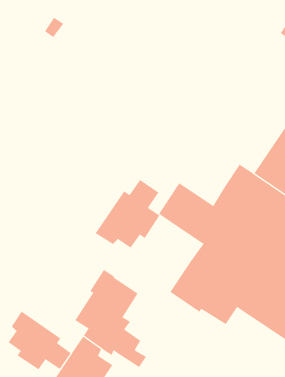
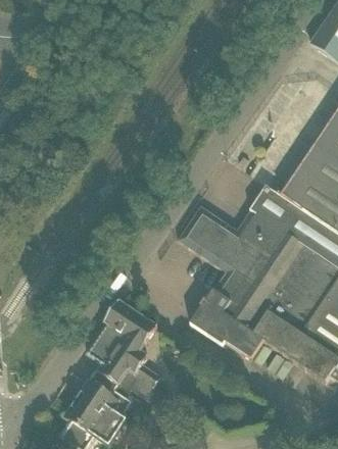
building: [95,179,160,248] -> none
building: [8,311,71,370] -> none

